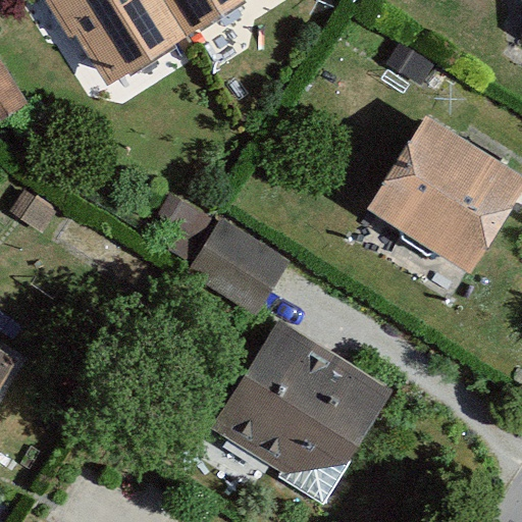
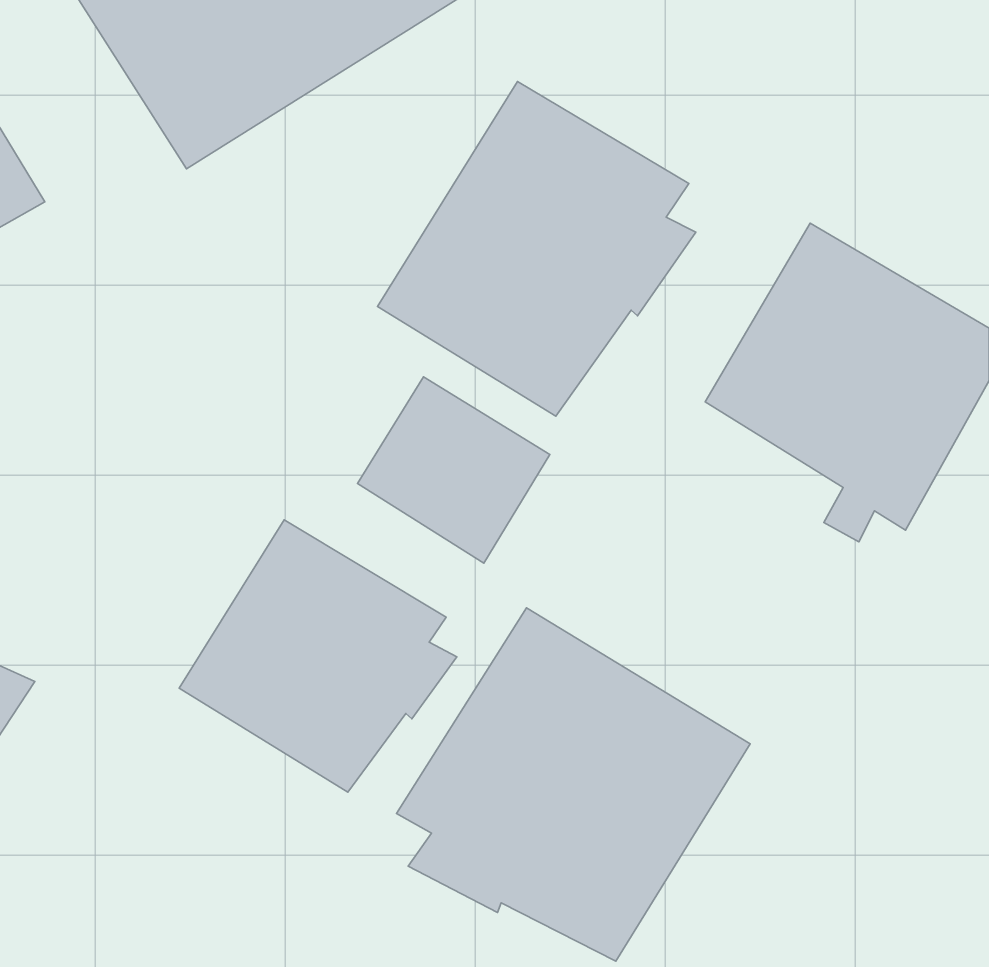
building: none -> [378,82,696,416]
building: none -> [179,520,457,792]

